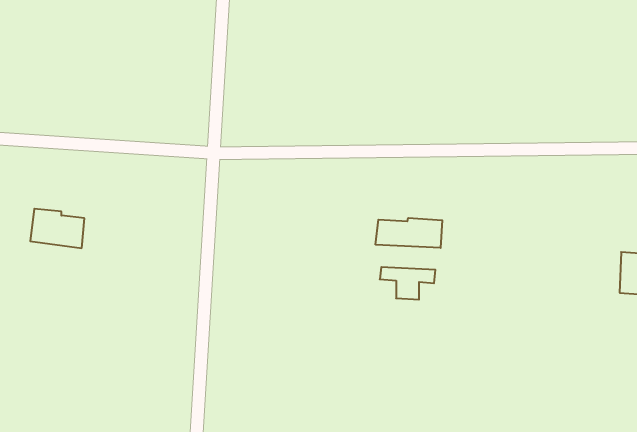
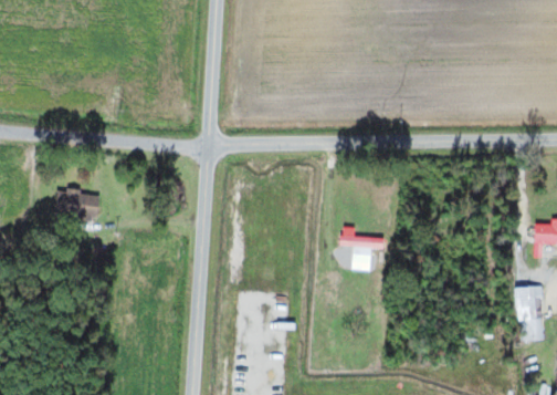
building: [376,218,442,248] -> none
building: none -> [516,285,544,341]

